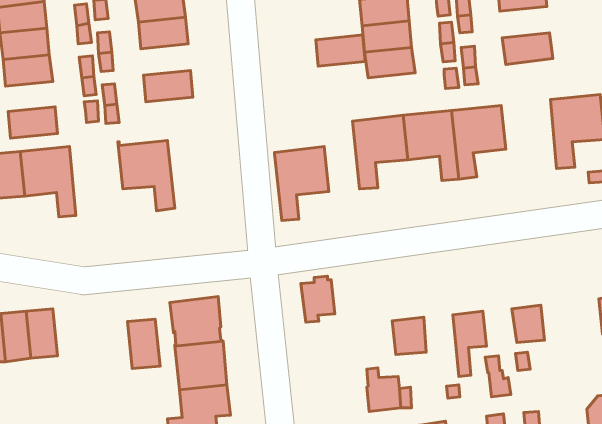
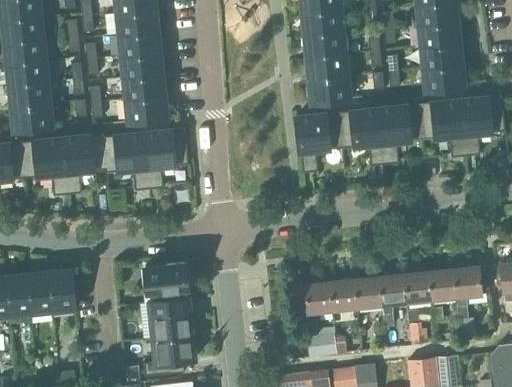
building: none -> [418,21,459,47]
building: [316,35,365,66] -> [309,76,350,102]
building: none -> [121,52,162,78]
building: none -> [423,64,464,90]
building: none -> [9,83,50,108]
building: none -> [125,96,167,121]
building: none -> [419,98,465,157]
building: none -> [62,133,106,194]
building: [275,147,329,220] -> [143,127,188,188]
building: [301,276,335,322] -> [304,278,332,316]
building: none -> [452,266,489,319]
building: none -> [404,271,432,302]
building: none -> [355,276,382,307]
building: [127,319,160,369] -> [48,269,75,310]

